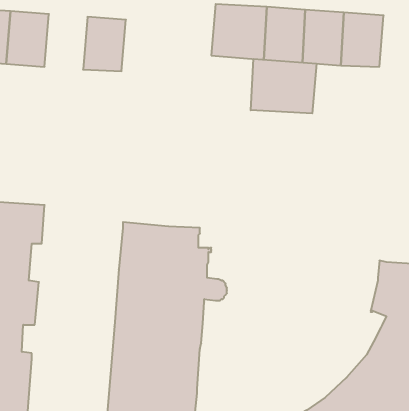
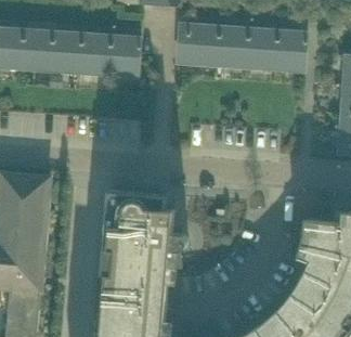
building: none -> [50,30,82,73]
building: none -> [108,35,141,76]
building: [251,59,316,113] -> none

